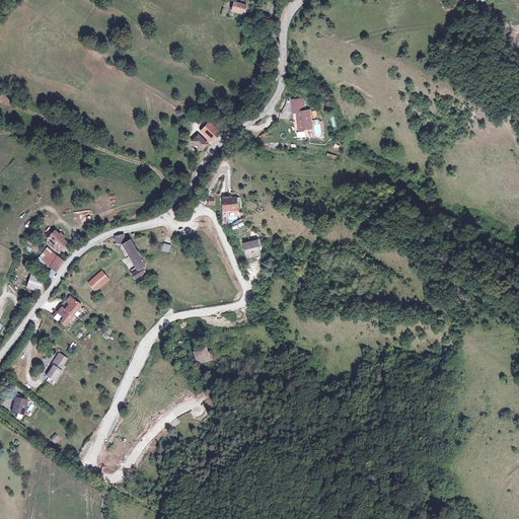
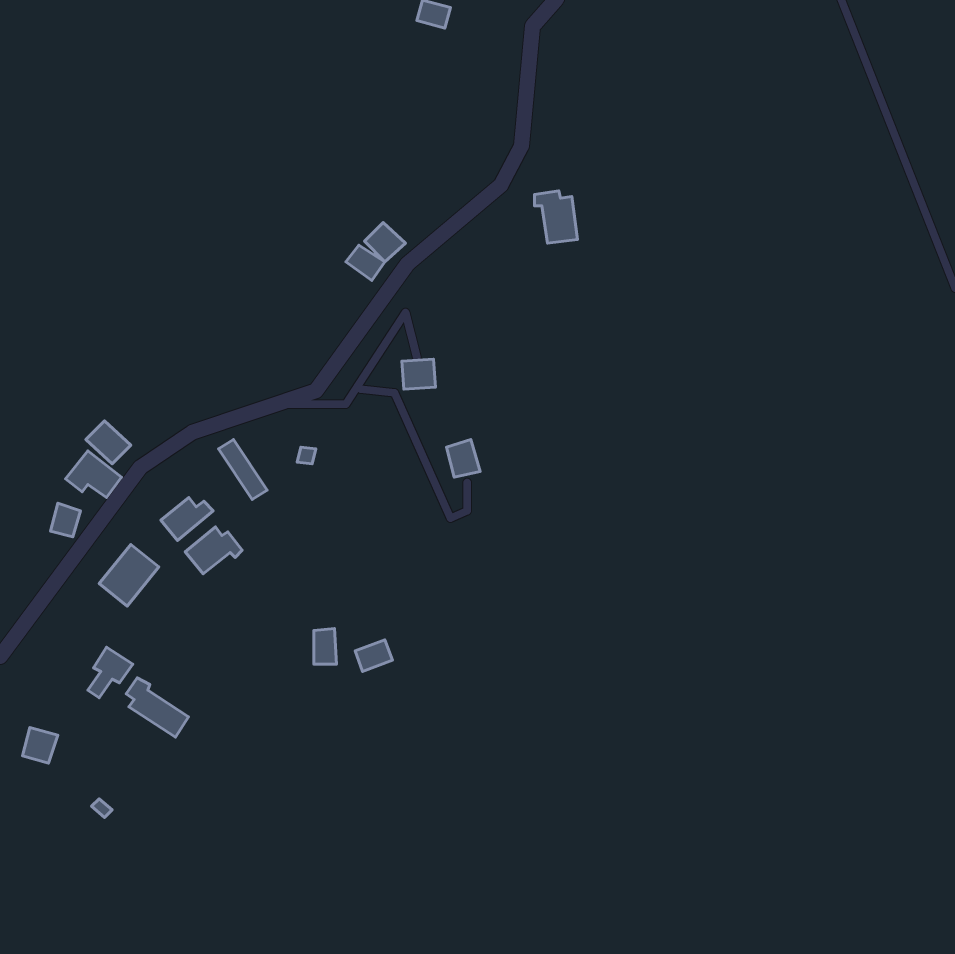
building: none -> [185,527,242,574]
building: none -> [126,678,188,737]

